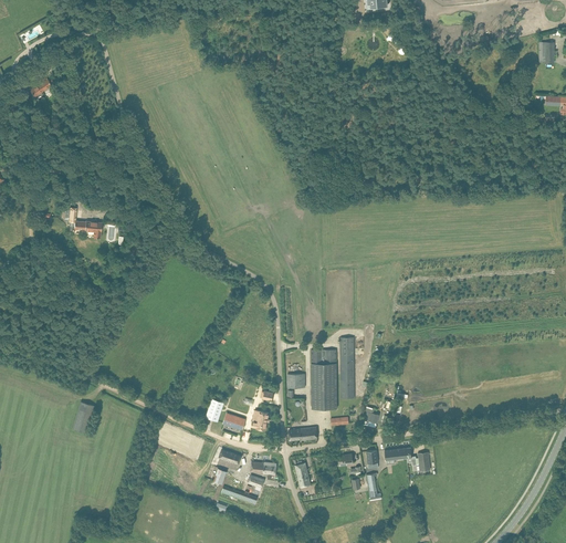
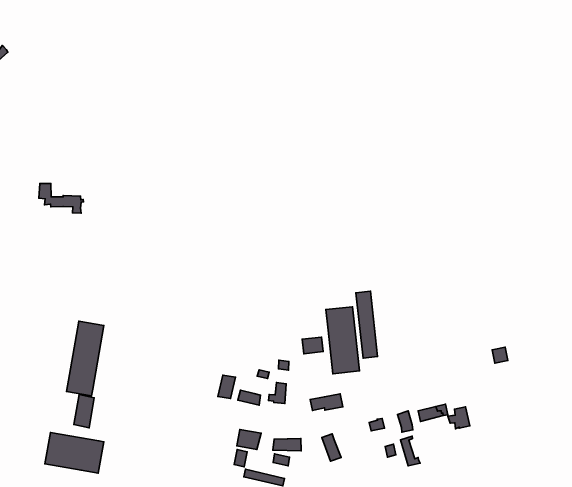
building: none -> [66,321,104,396]
building: none -> [45,432,104,473]

